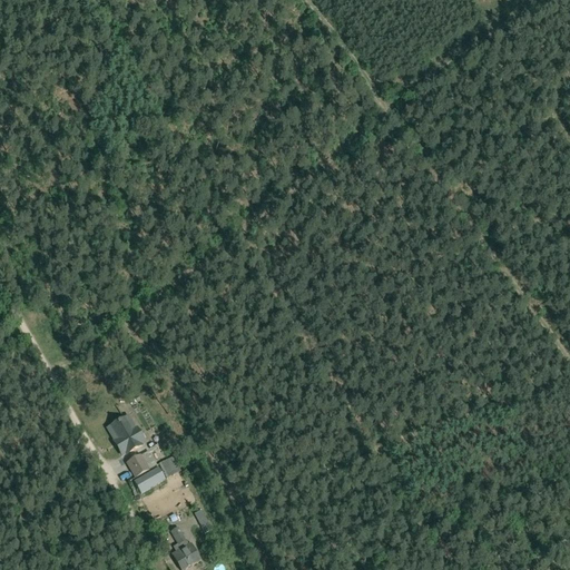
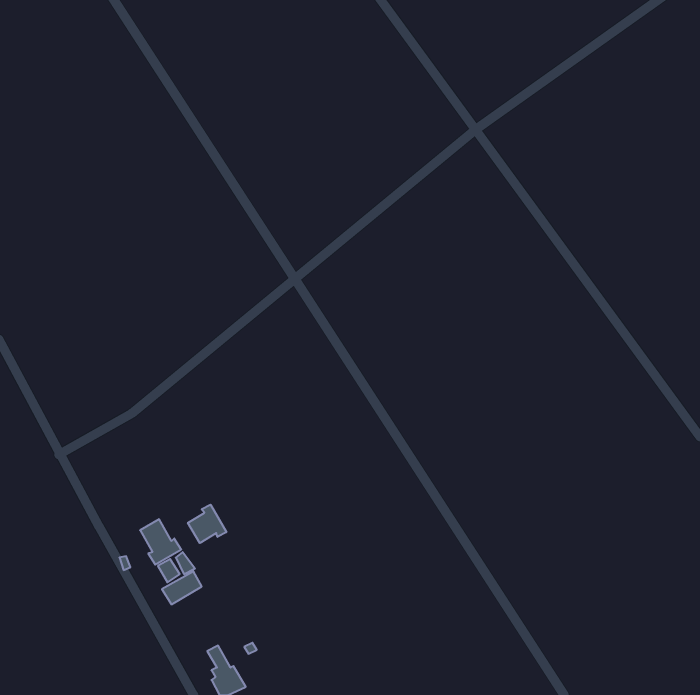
building: none -> [188,505,226,543]

